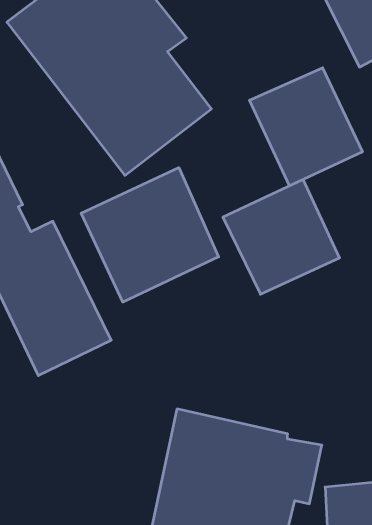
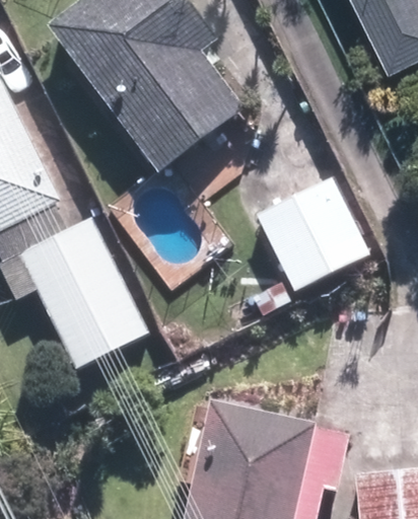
building: [250,68,362,186] -> none
building: [81,168,219,302] -> none

